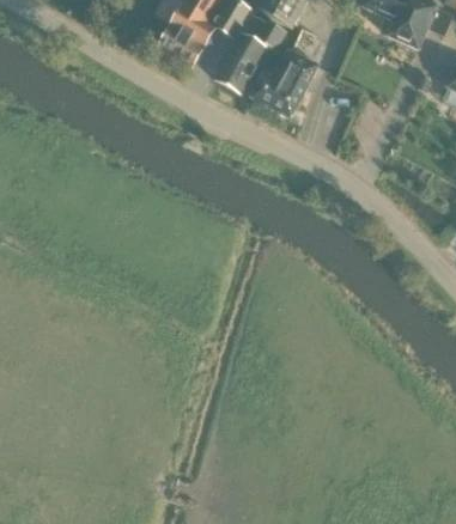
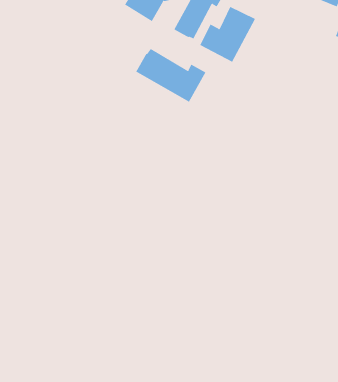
building: none -> [135,48,206,103]

